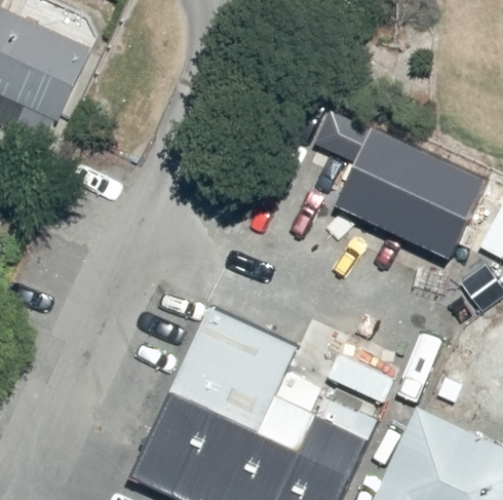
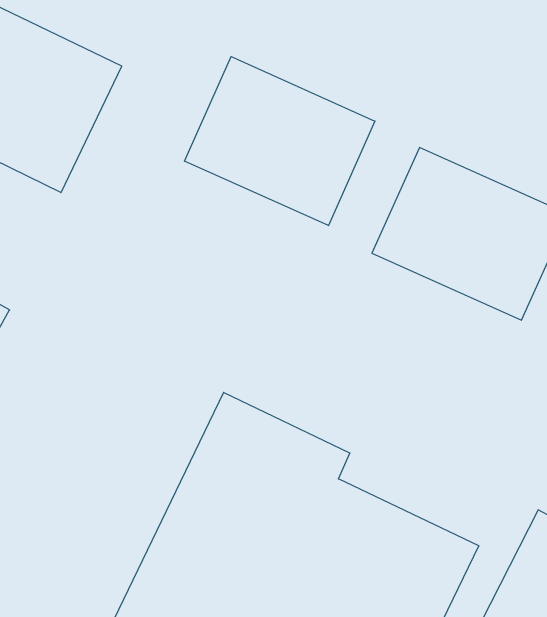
building: none -> [185,57,375,226]

